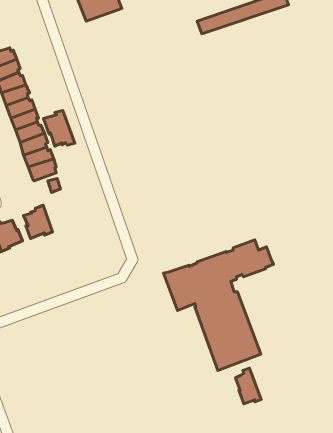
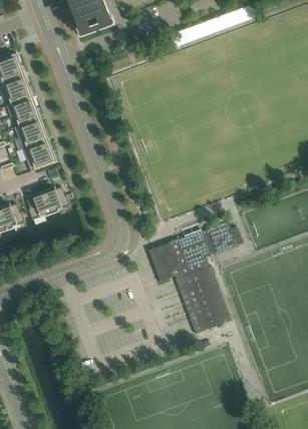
building: [43,110,75,146] -> none
building: none -> [42,187,69,214]
building: [236,368,261,404] -> none

